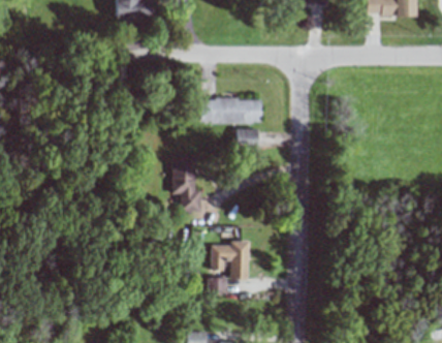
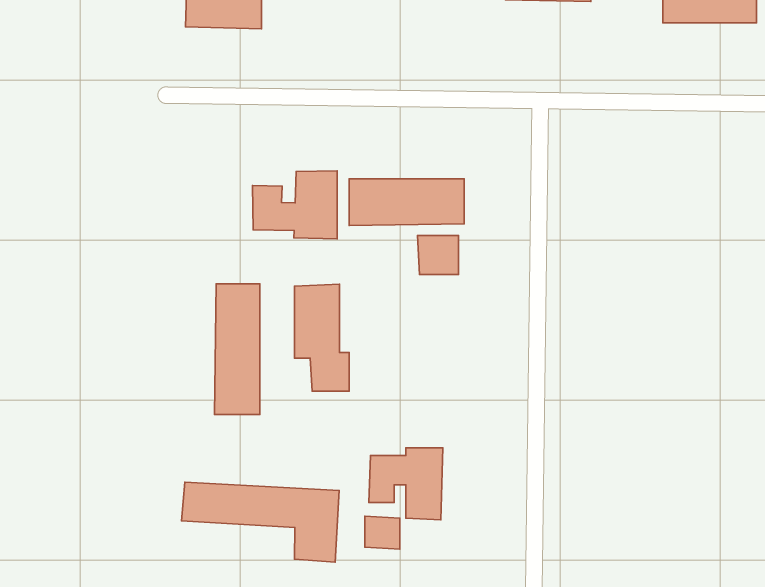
building: none -> [252,171,337,239]
building: none -> [214,284,260,414]
building: none -> [181,482,339,562]

